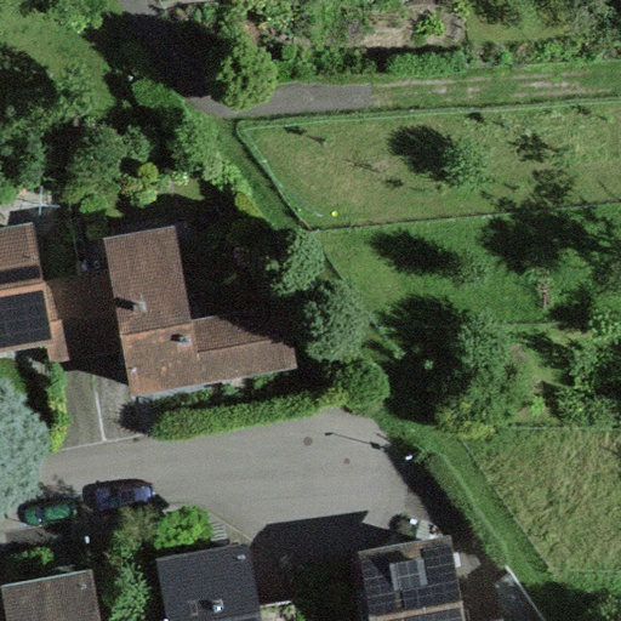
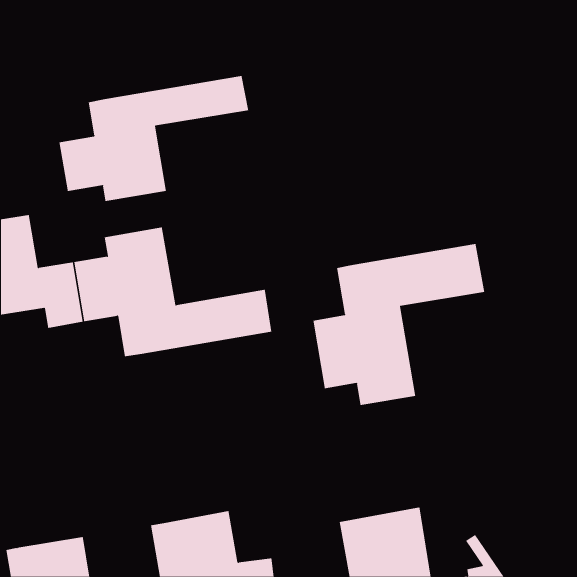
building: none -> [59,75,249,202]
building: none -> [313,243,485,406]

